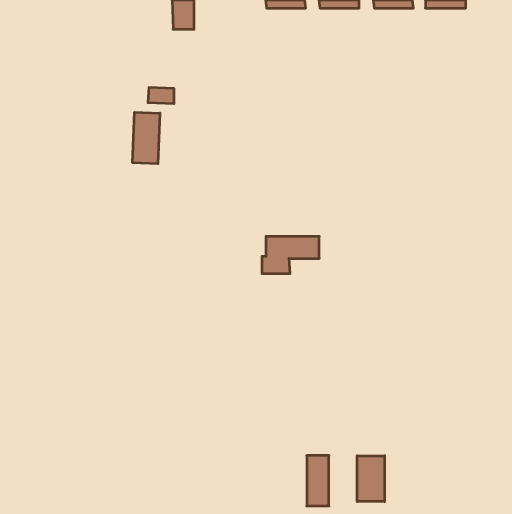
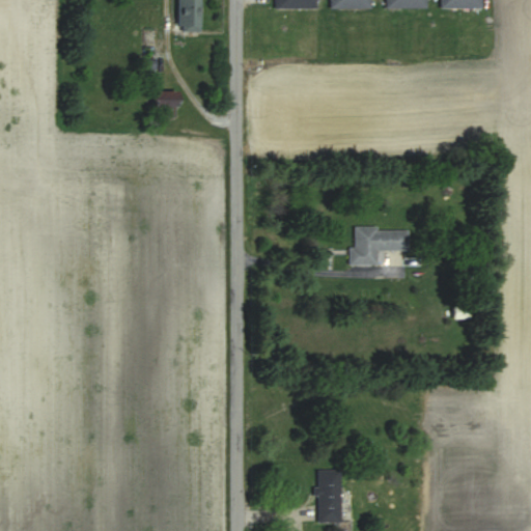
building: [133,112,160,164] -> none
building: [262,236,319,274] -> [351,226,410,264]
building: [357,456,385,502] -> none

